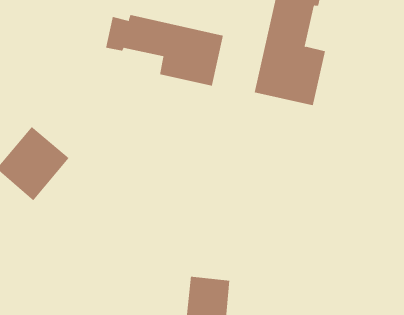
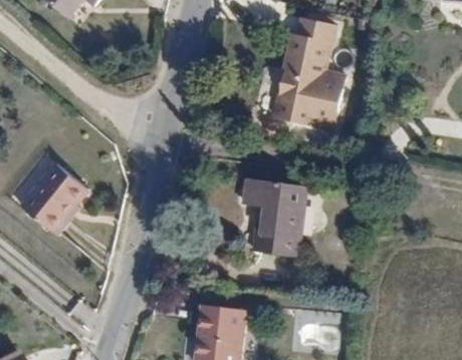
building: [105,14,224,86] -> none
building: none -> [246,172,306,250]

